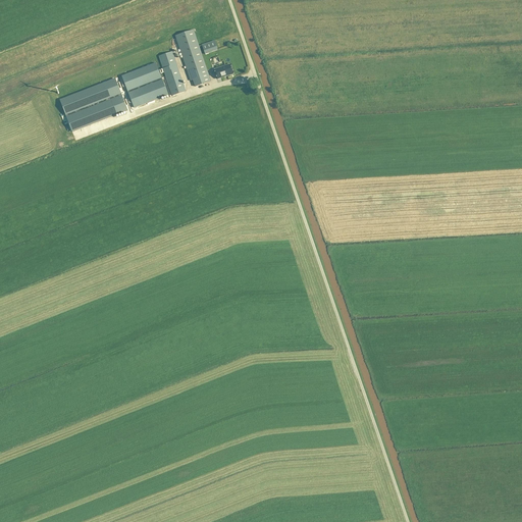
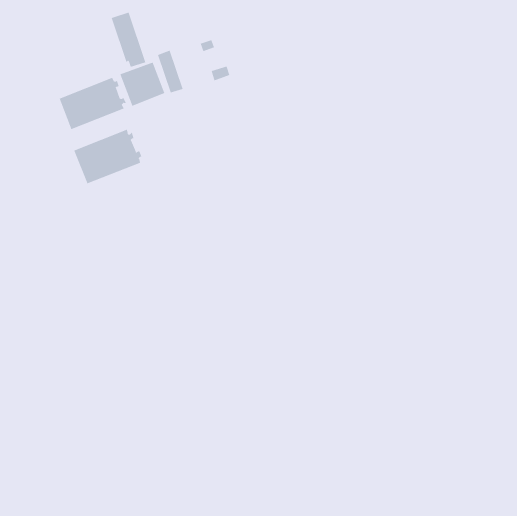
building: [174,29,210,85] -> [111,12,146,67]
building: none -> [73,129,142,184]

